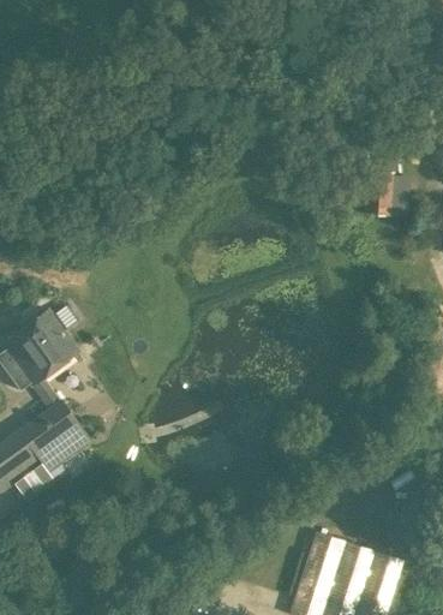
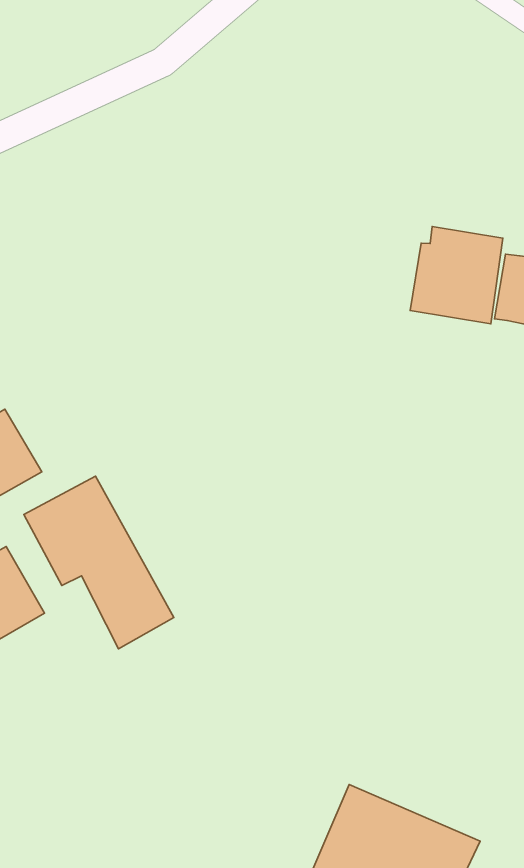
building: none -> [410,226,503,324]
building: none -> [24,476,174,649]

